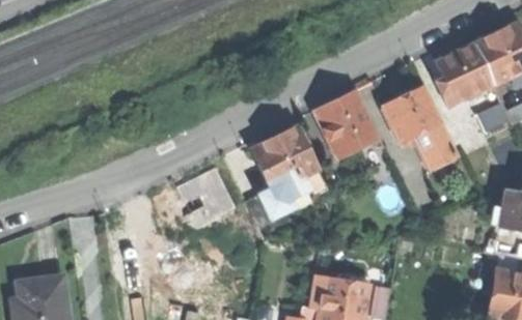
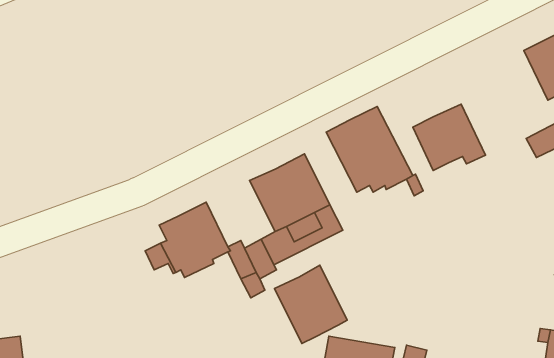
building: [434,43,493,106] -> none
building: [412,128,456,168] -> none
building: none -> [275,265,347,343]

